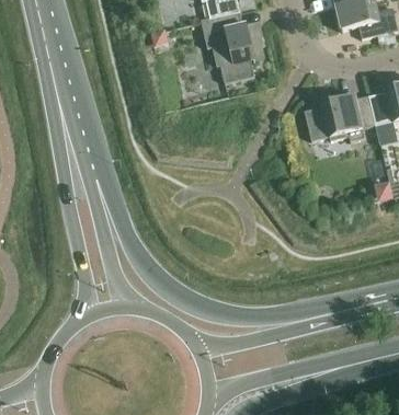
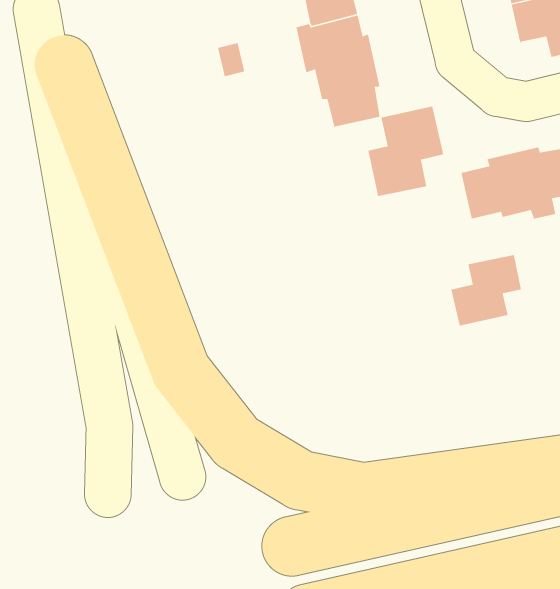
building: none -> [368,105,445,197]
building: none -> [450,254,522,327]

